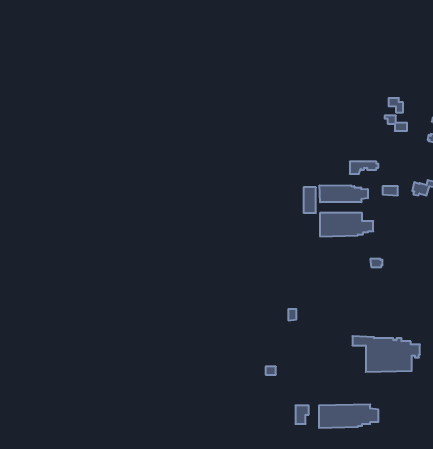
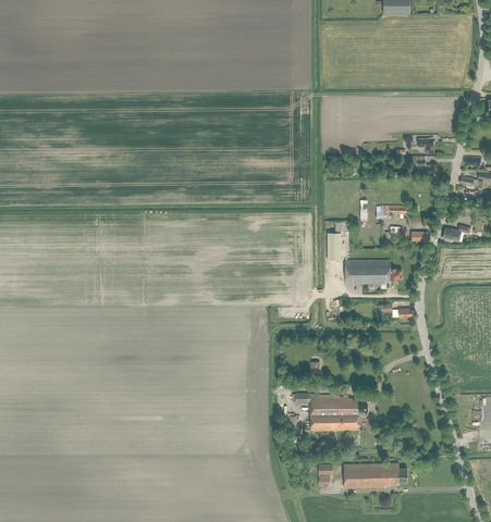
building: [320,185,368,202] -> none
building: [352,336,420,372] -> [295,393,367,431]

